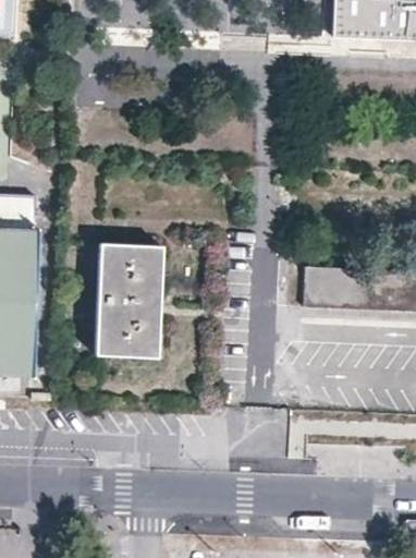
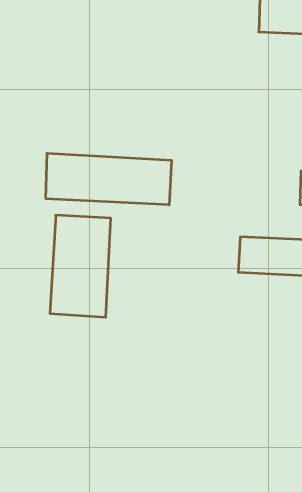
building: none -> [46,153,171,205]

